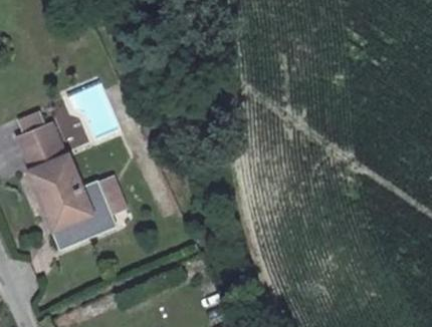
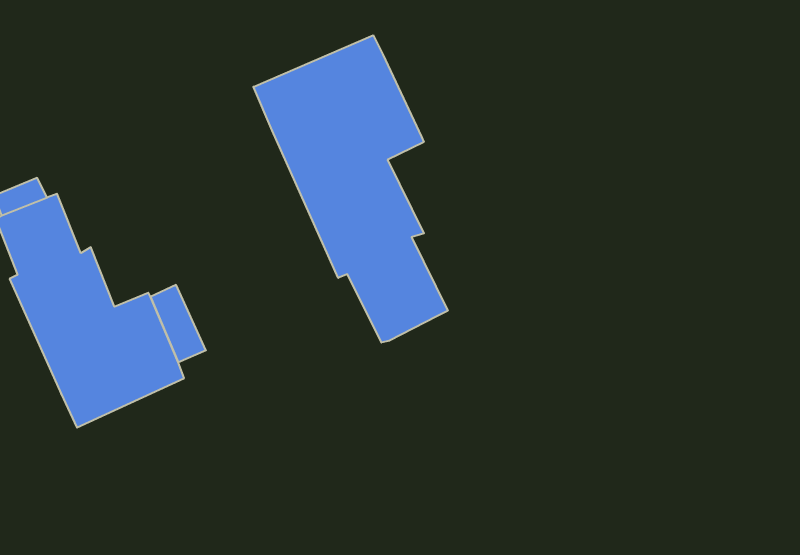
building: none -> [253,35,448,343]

